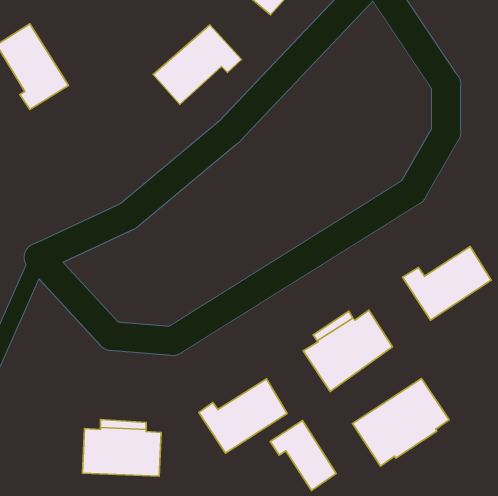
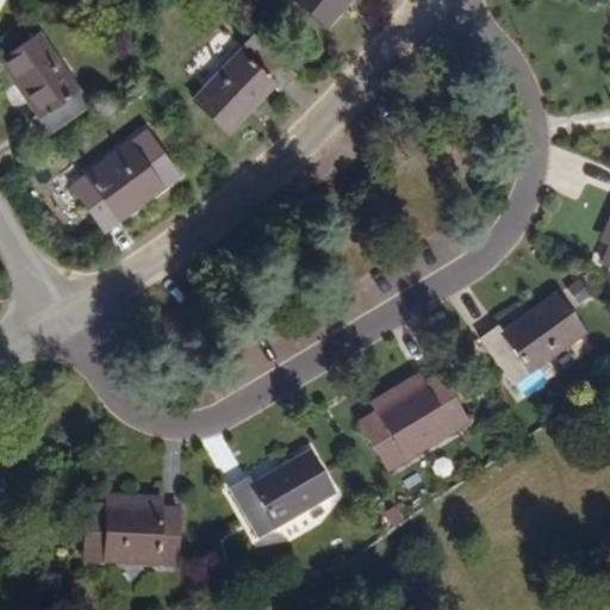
building: none -> [62,126,169,225]
building: [352,379,449,466] -> none
building: [270,421,336,490] -> none

